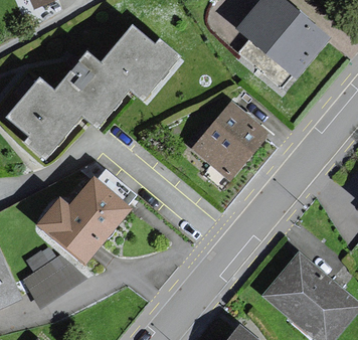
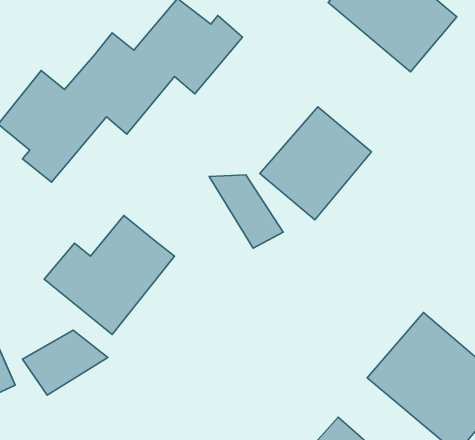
building: none -> [209,175,283,248]

